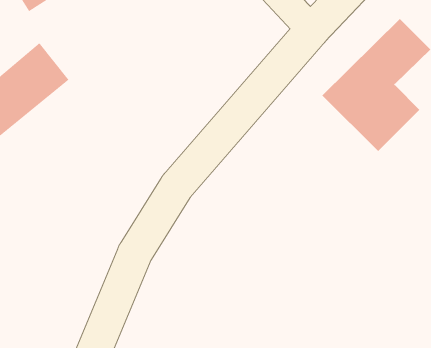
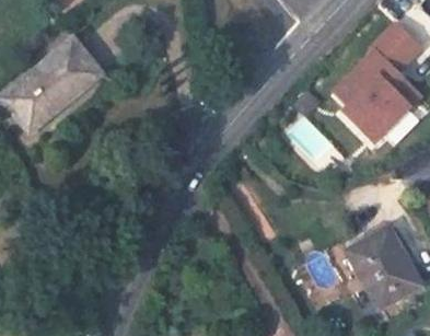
building: none -> [347,227,420,309]

